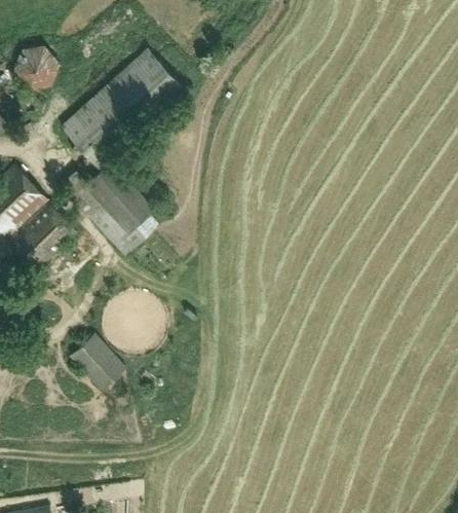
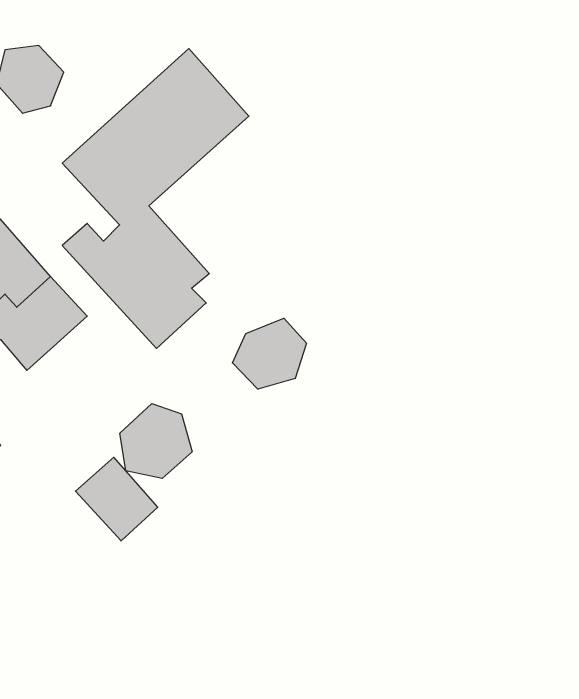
building: none -> [232,318,306,389]
building: none -> [120,404,192,478]

